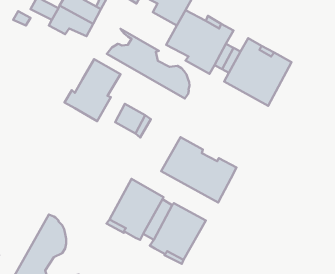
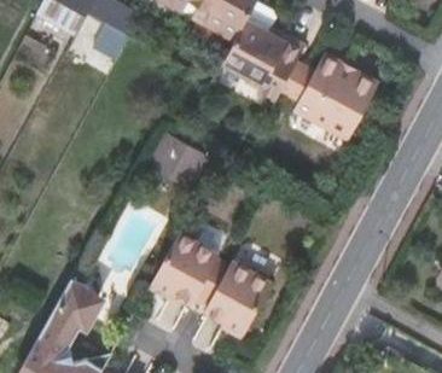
building: [107,29,190,99] -> none
building: [65,59,120,121] -> none
building: [161,137,237,202] -> none

